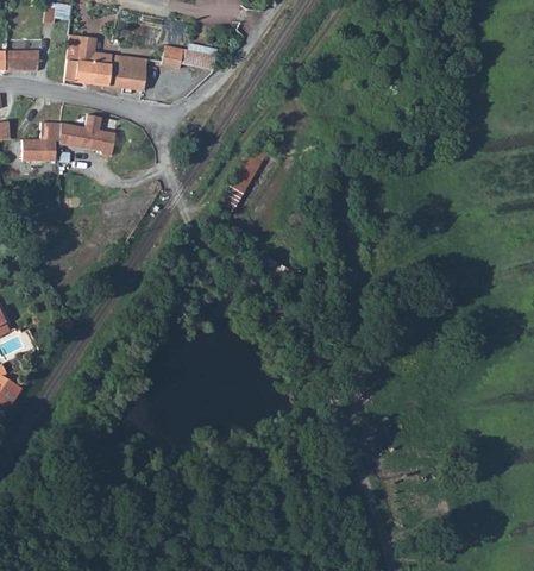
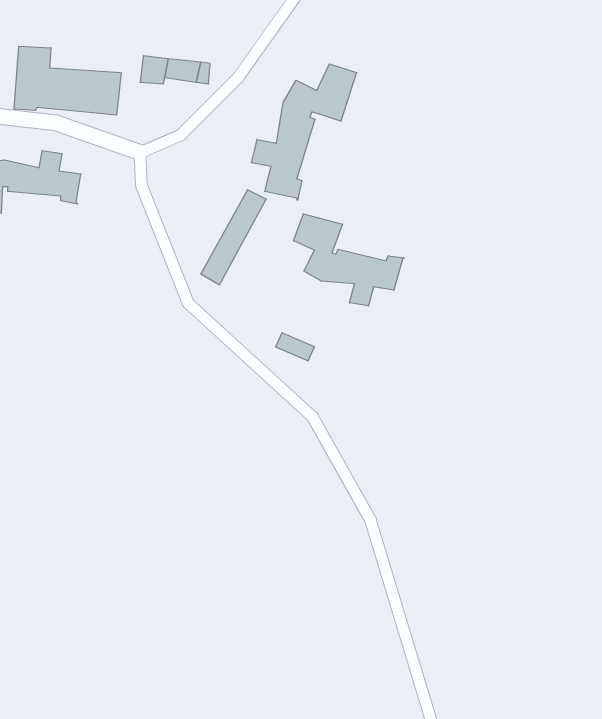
building: none -> [251,64,356,200]
building: none -> [293,214,404,306]

